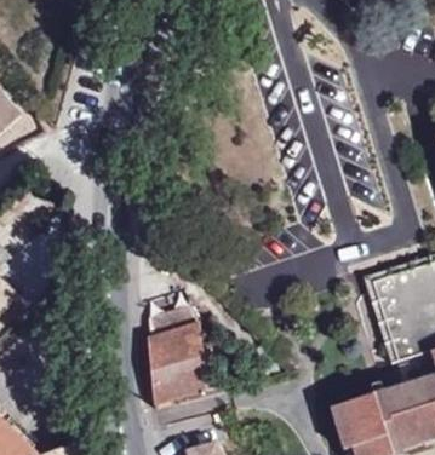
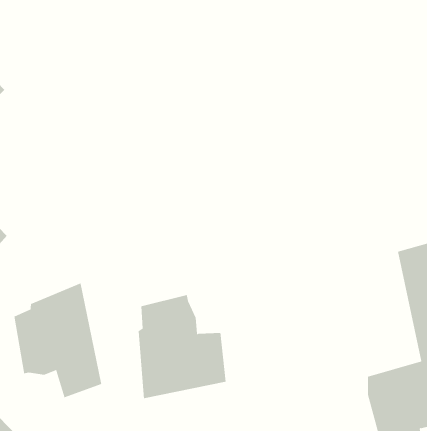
building: none -> [14,283,102,398]

